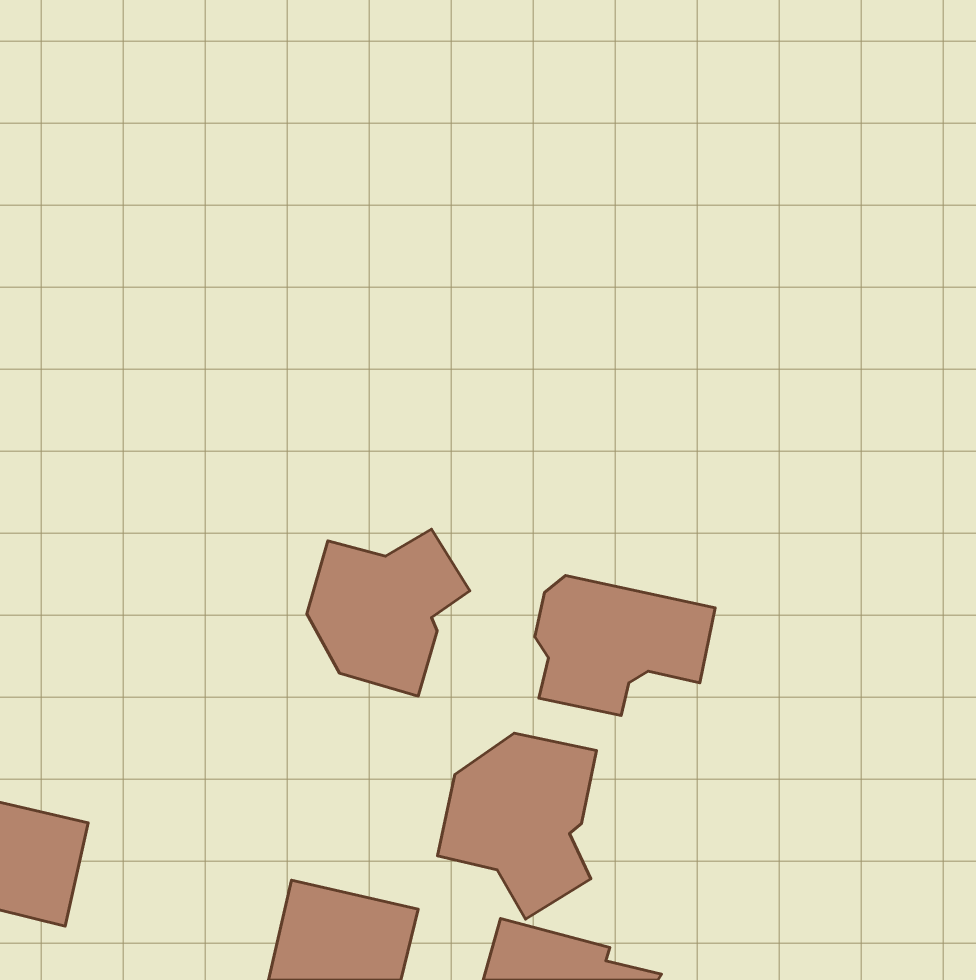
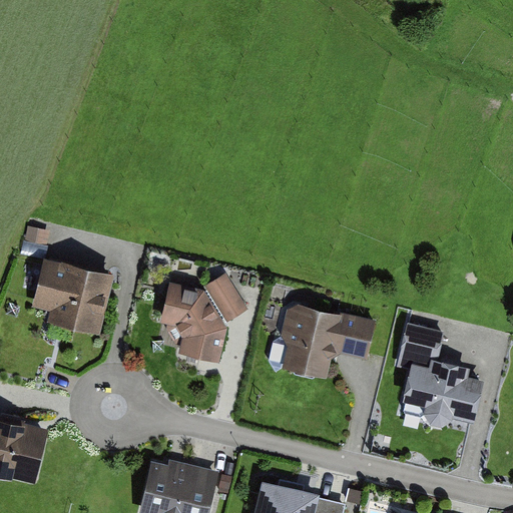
building: none -> [31,259,113,338]
building: none -> [397,325,481,423]
building: [438,733,597,919] -> none

